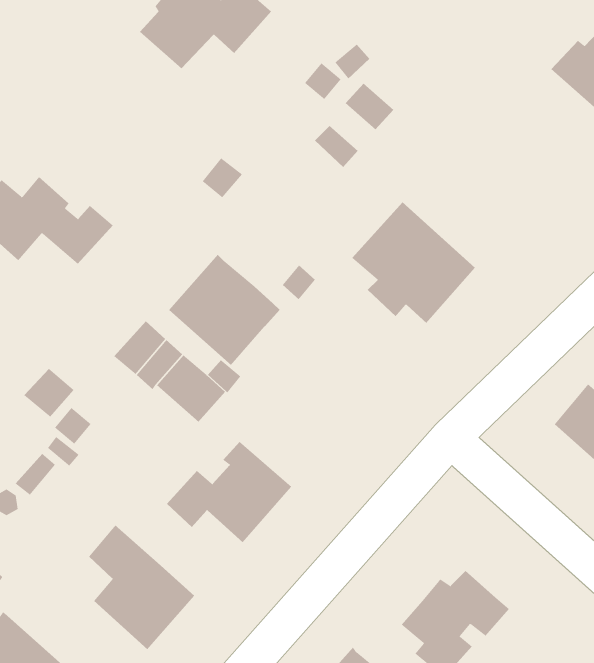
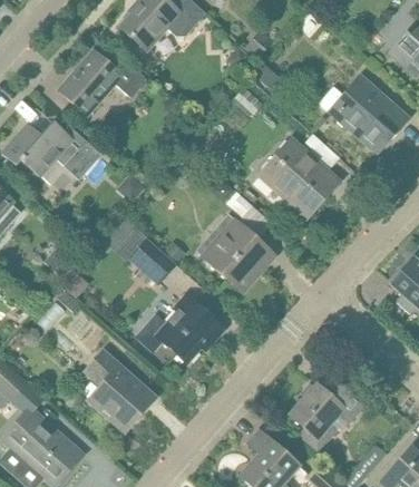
building: none -> [58,49,147,116]
building: none -> [320,74,411,155]
building: [168,254,280,366] -> [202,217,275,291]

